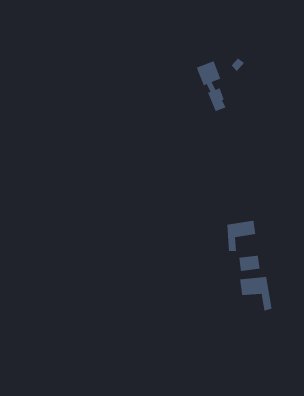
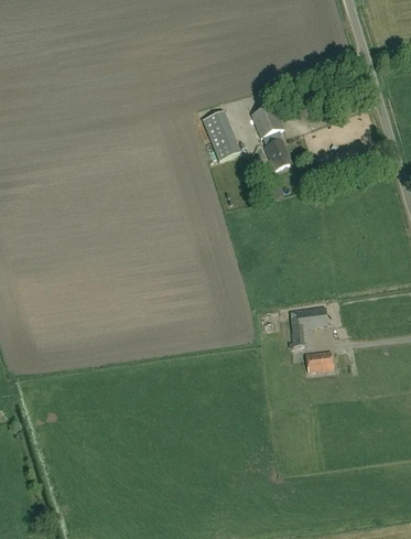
building: none -> [204,112,242,162]
building: [240,276,272,312] -> none

